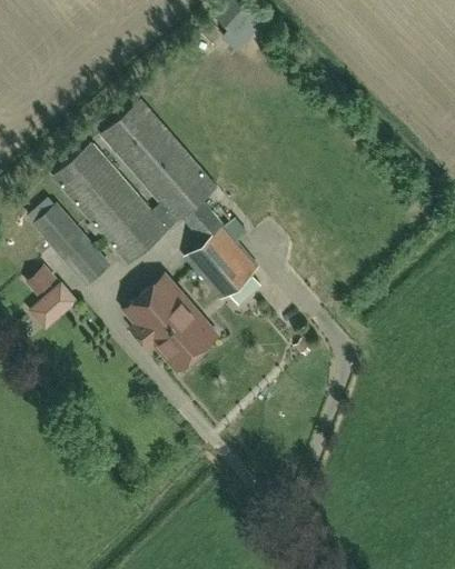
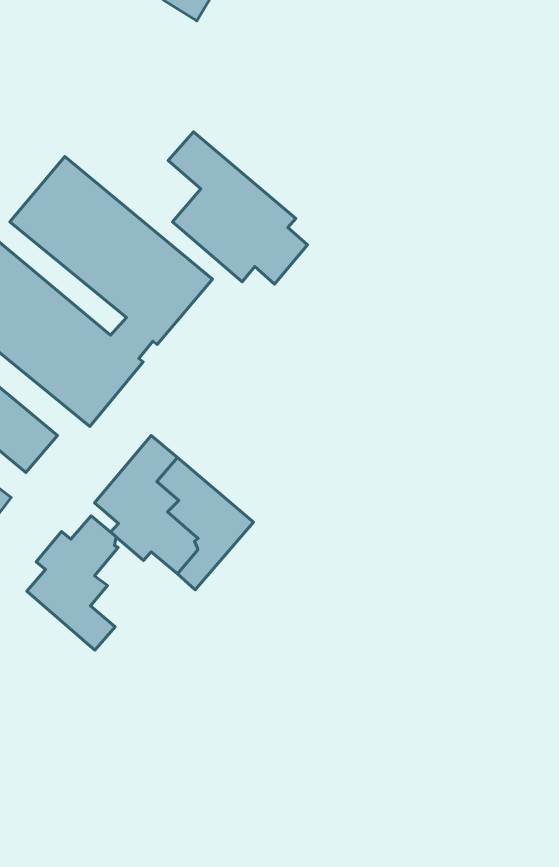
building: [185,206,263,303] -> [168,132,308,284]
building: none -> [27,516,118,650]

